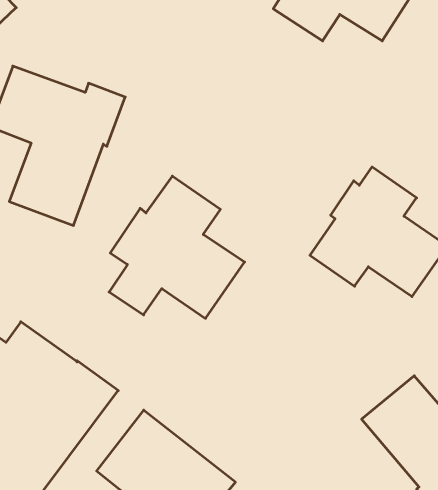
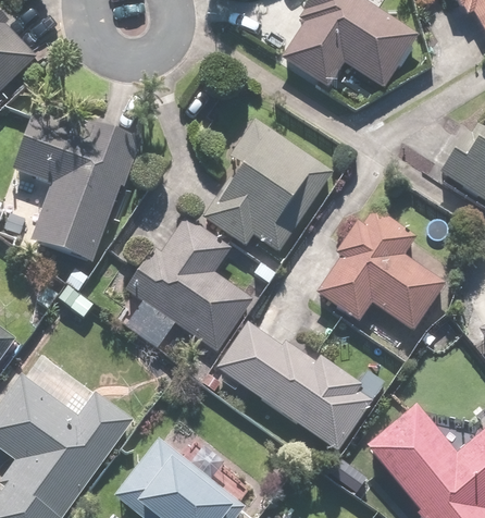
building: none -> [201,118,333,250]
building: none -> [215,321,372,449]

